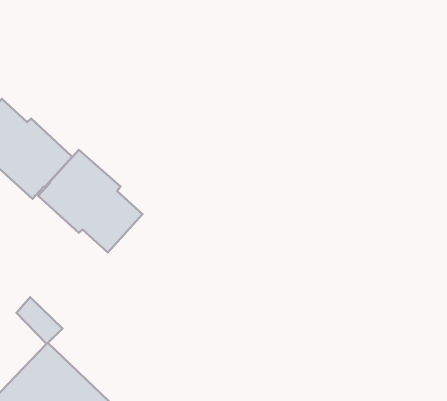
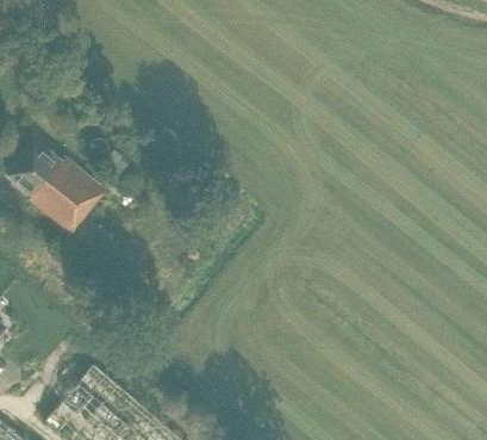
building: [38,150,143,252] -> none

